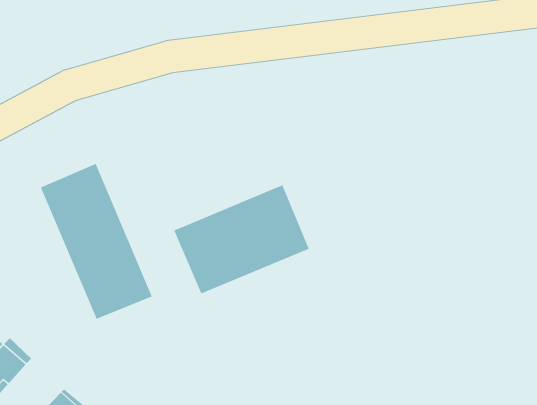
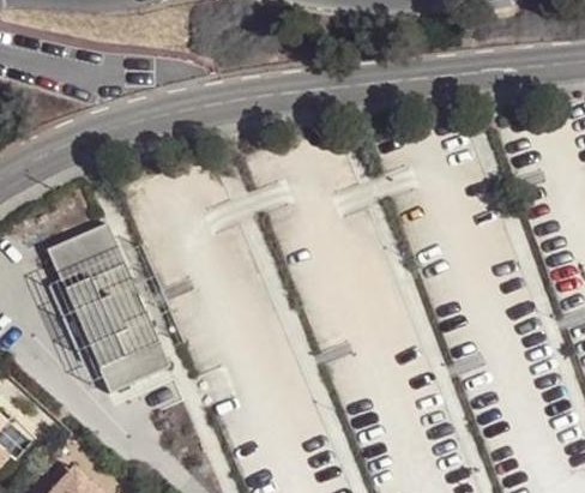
building: [173,184,310,294] -> none

